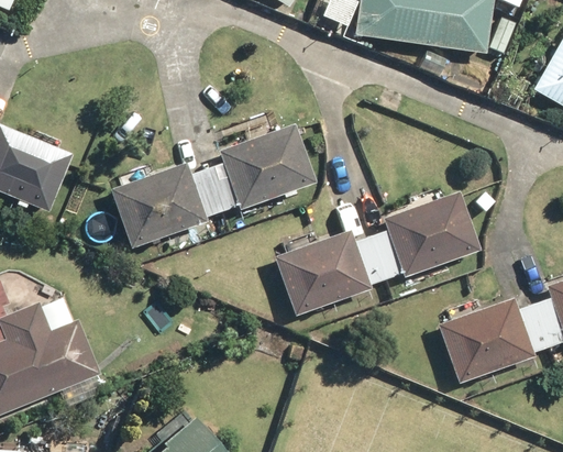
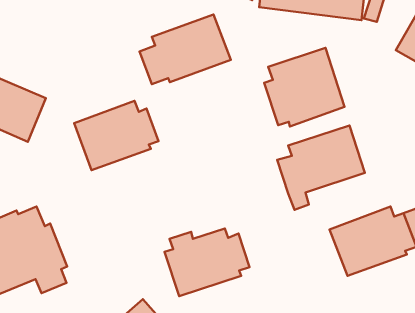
building: none -> [264,48,345,126]
building: [203,122,320,211] -> [140,14,231,84]
building: [276,229,385,316] -> [164,229,250,296]

